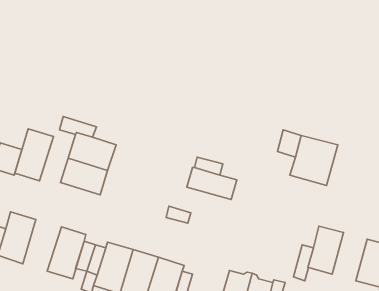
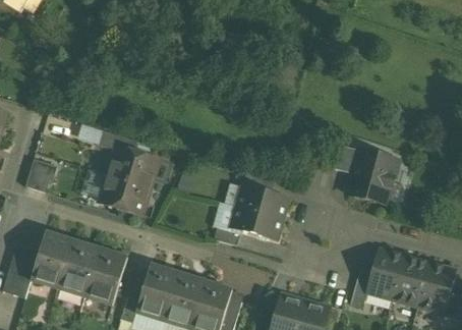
building: [15,129,53,181] -> [58,240,100,296]
building: none -> [229,206,283,240]
building: none -> [392,255,429,307]

